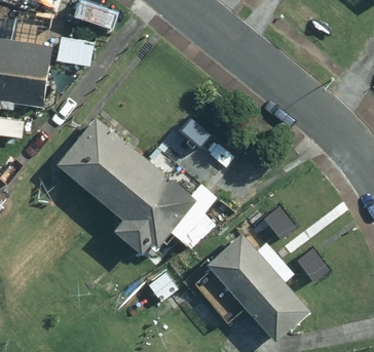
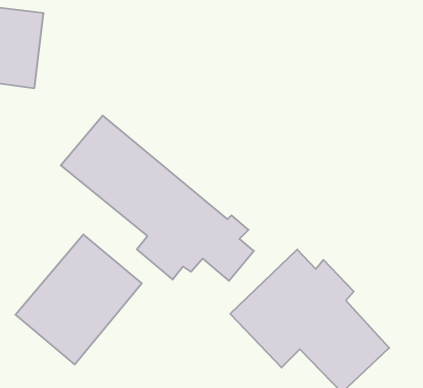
building: none -> [15,234,142,365]

